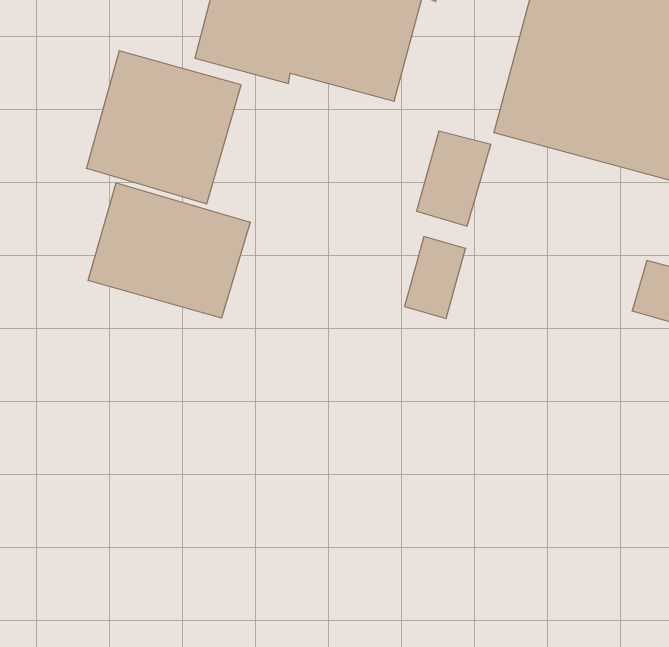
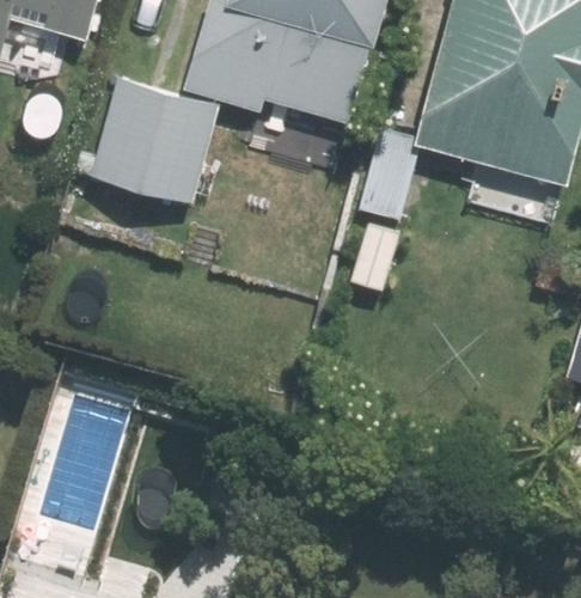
building: [88,183,250,318] -> none

